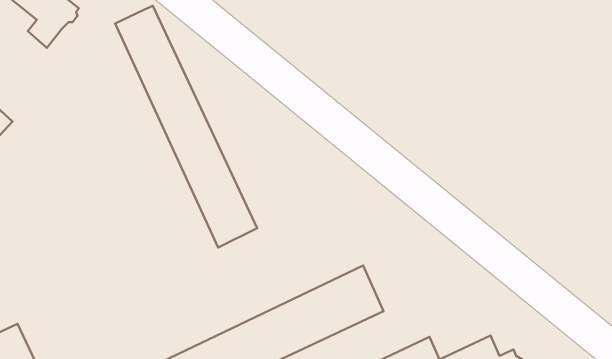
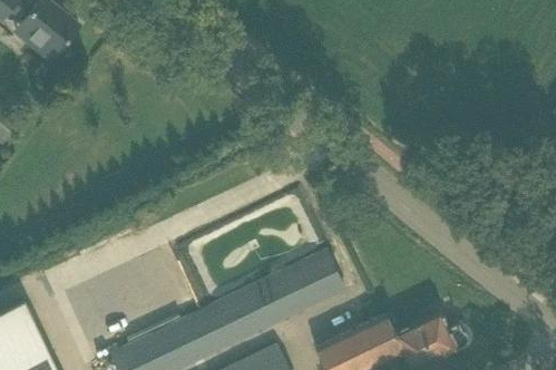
building: [115,6,257,247] -> none

